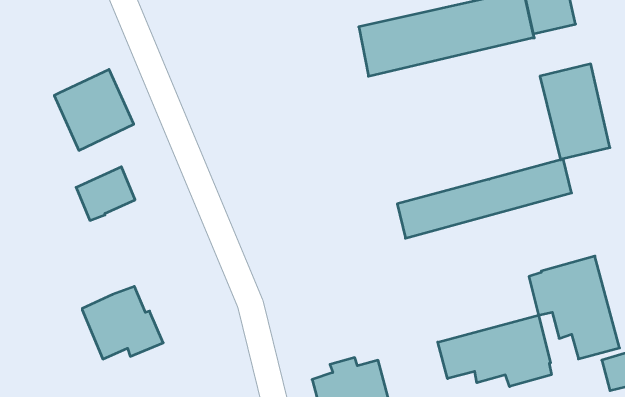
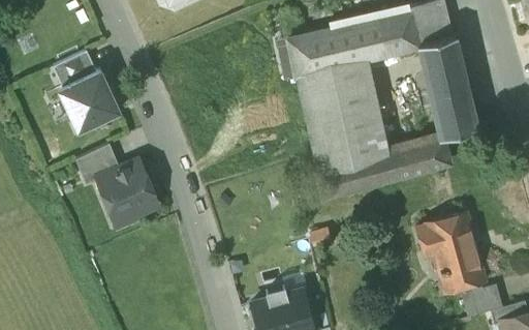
building: none -> [418,34,463,74]
building: none -> [54,51,96,87]
building: none -> [295,58,386,171]
building: [82,286,163,359] -> [97,161,158,216]
building: [438,315,551,387] -> none

